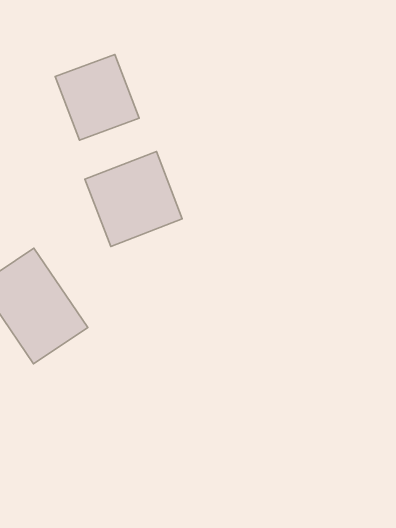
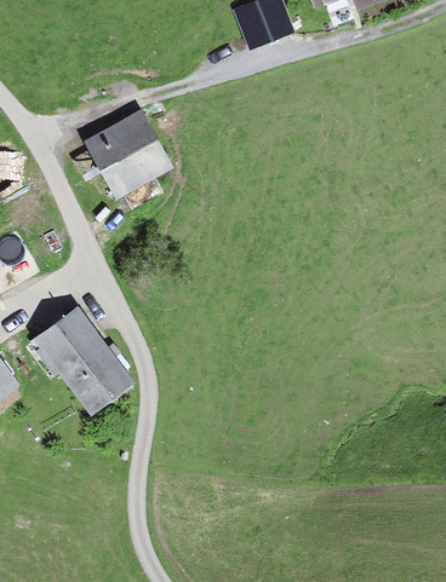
building: [85,151,182,246] -> none

